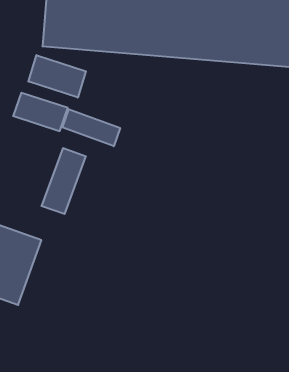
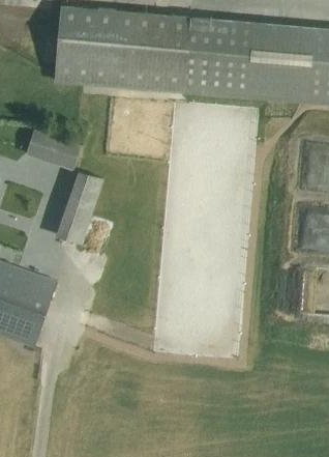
building: [28,55,86,98] -> none
building: [63,109,120,146] -> none

